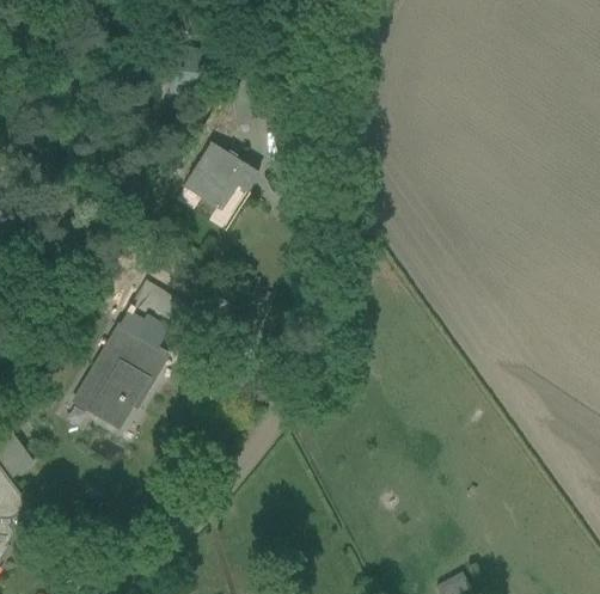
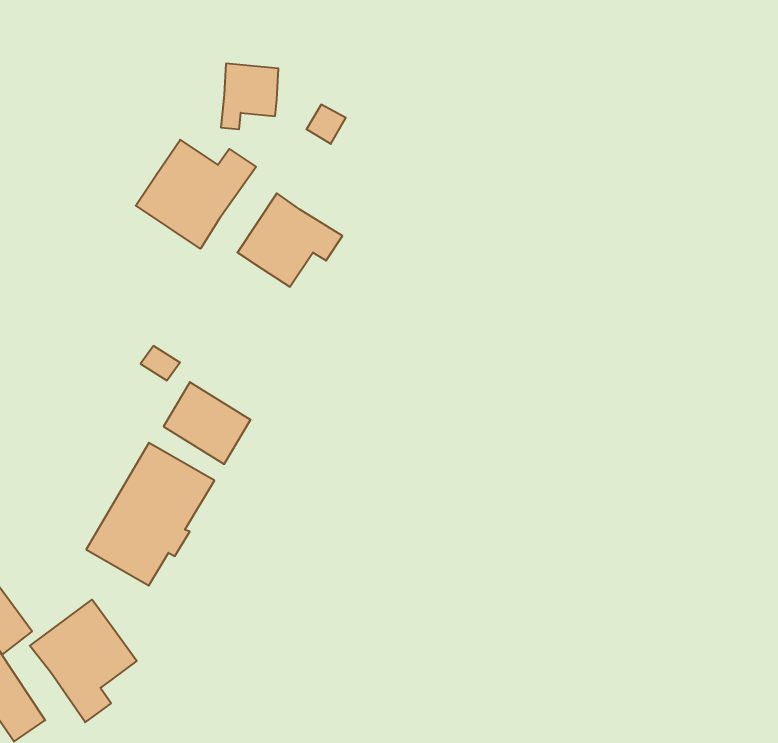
building: none -> [136,140,256,249]
building: none -> [30,600,137,722]

